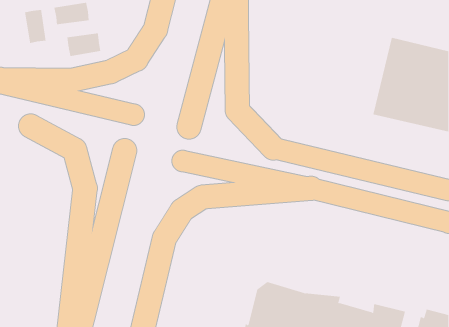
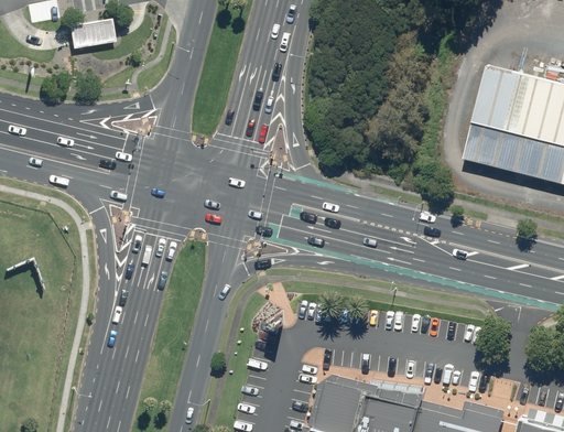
building: [25,9,46,44] -> none
building: [67,32,101,57] -> none

